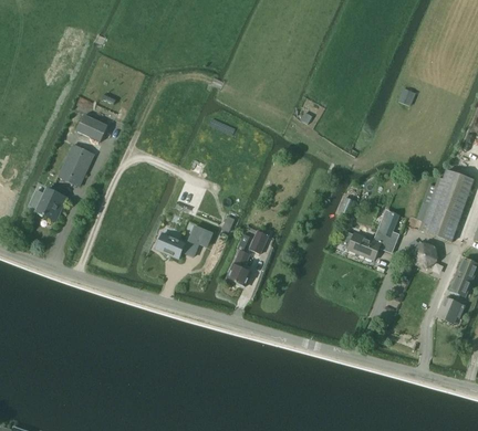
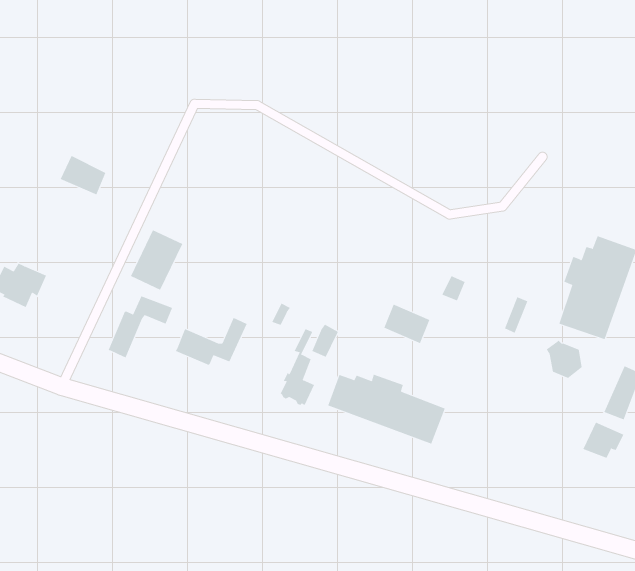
building: [58,144,94,186] -> [130,230,183,291]
building: none -> [108,295,173,358]
building: [347,232,380,260] -> [384,304,430,344]
building: none -> [328,374,446,444]

